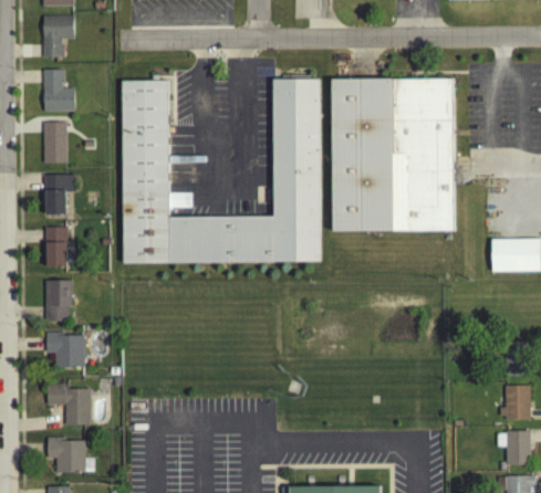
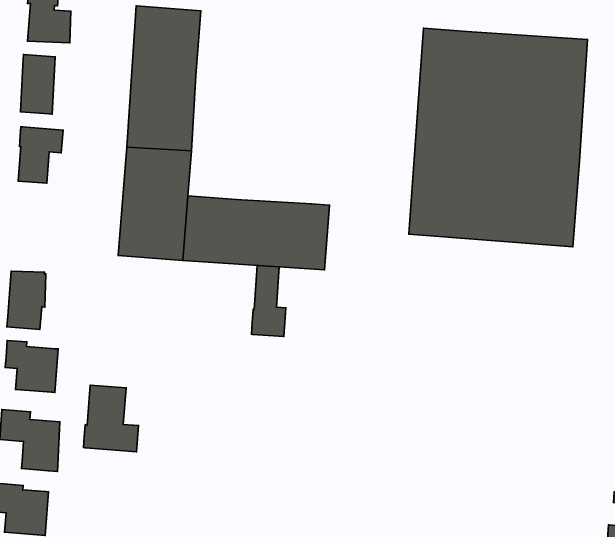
building: [272,80,322,262] -> none
building: [45,227,67,266] -> none
building: none -> [251,265,286,336]
building: none -> [83,385,138,452]

